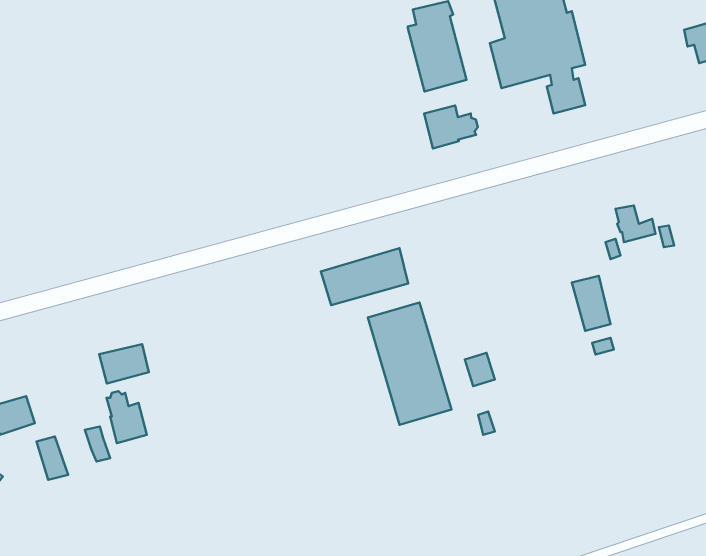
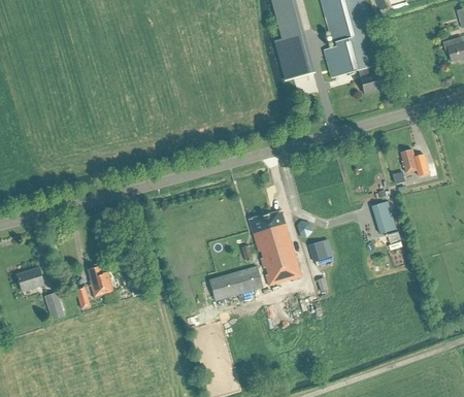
building: [424,105,478,148] -> none
building: [321,248,408,305] -> [208,265,262,300]
building: [99,344,149,384] -> none

